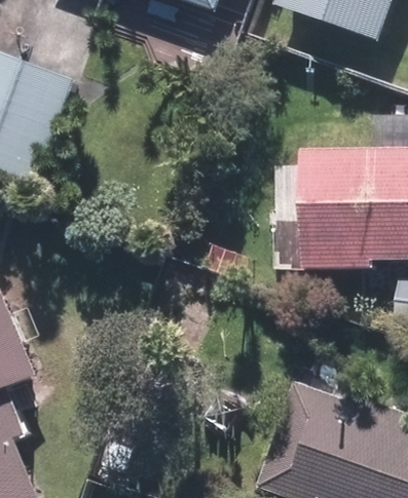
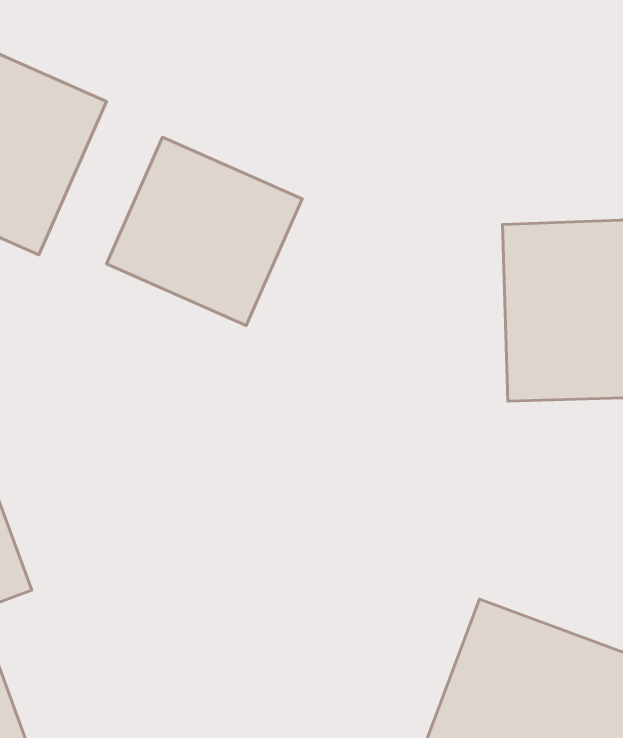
building: none -> [106,137,302,325]

